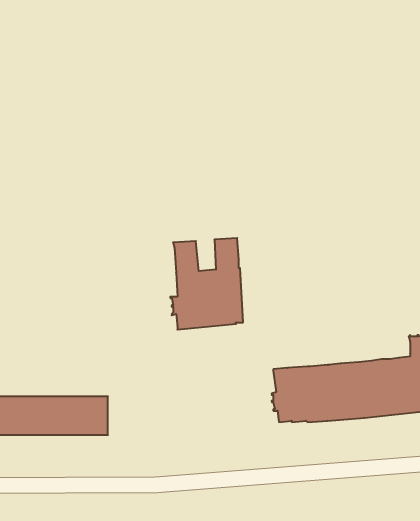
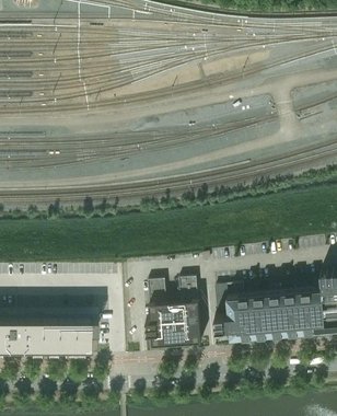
building: [170,238,243,330] -> [147,276,202,346]

